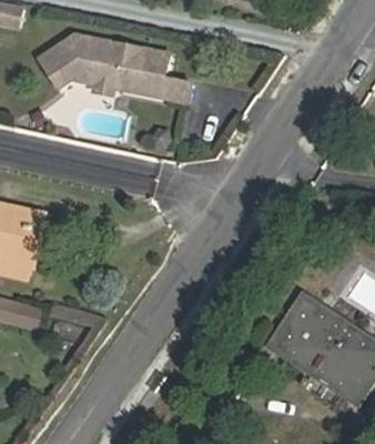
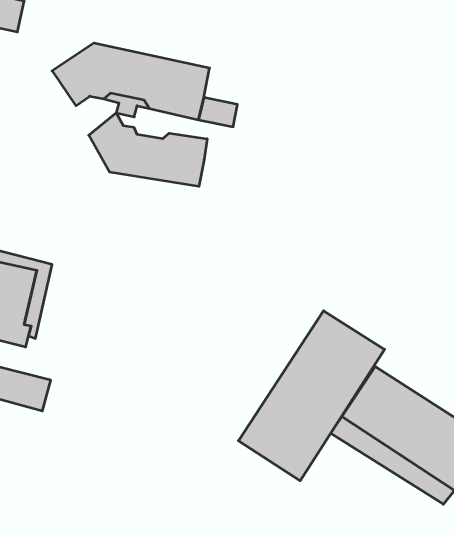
building: none -> [89,113,207,186]
building: none -> [238,311,385,481]

